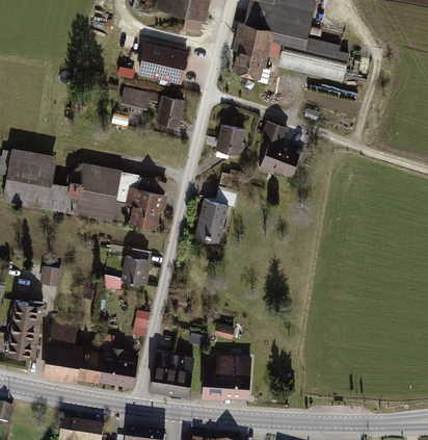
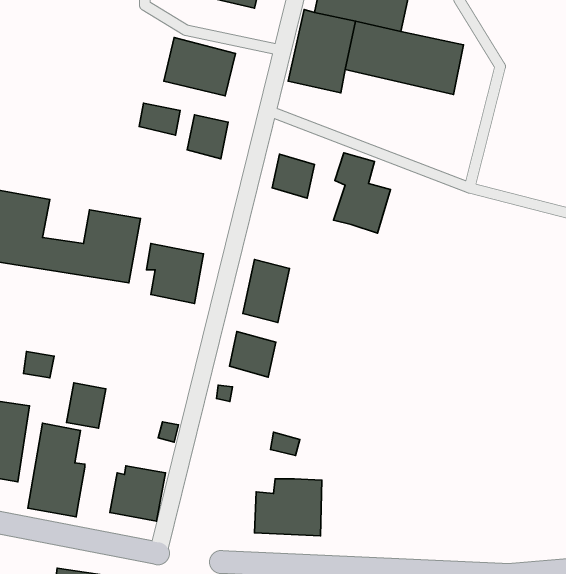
building: none -> [229,331,276,377]
building: [121,255,151,283] -> none
building: [77,347,105,380] -> [66,383,106,428]
building: [151,351,193,395] -> none

